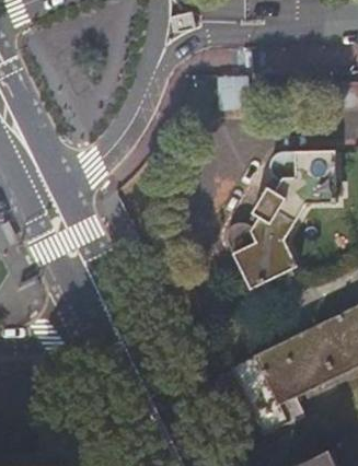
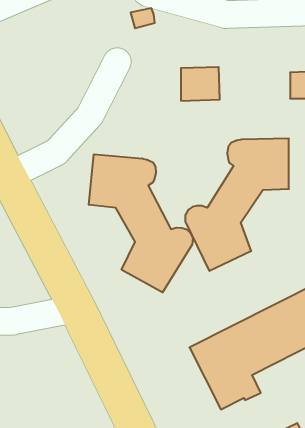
building: none -> [89,154,193,292]

